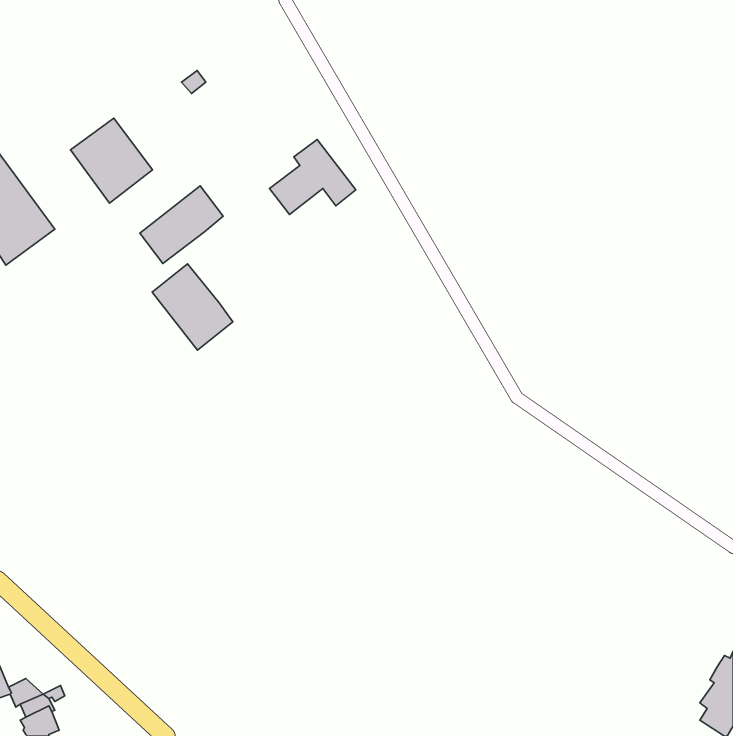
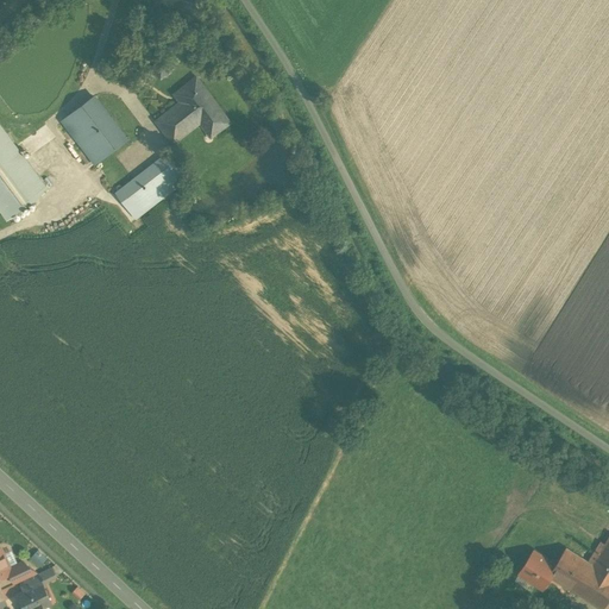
building: [270,139,356,214] -> [155,81,226,143]
building: [152,264,233,350] -> none
building: none -> [517,547,590,595]

